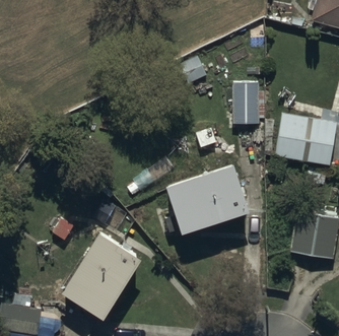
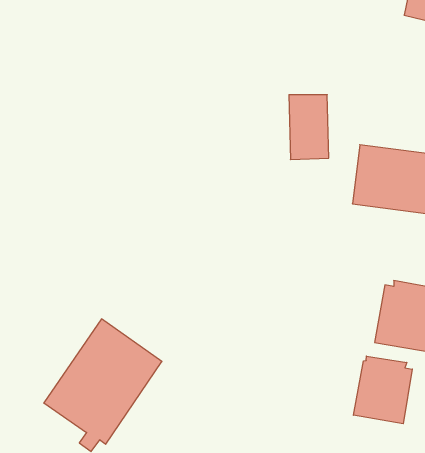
building: [159,164,248,234] -> none
building: none -> [353,356,412,424]

